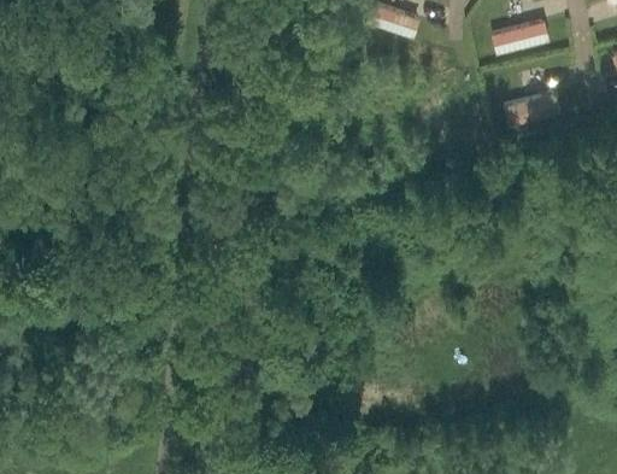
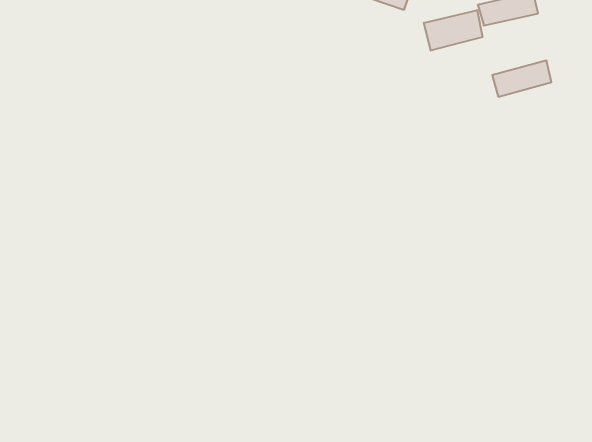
building: none -> [424,10,482,51]

